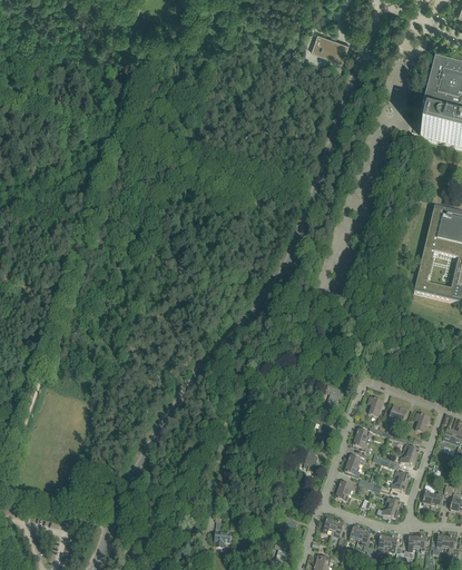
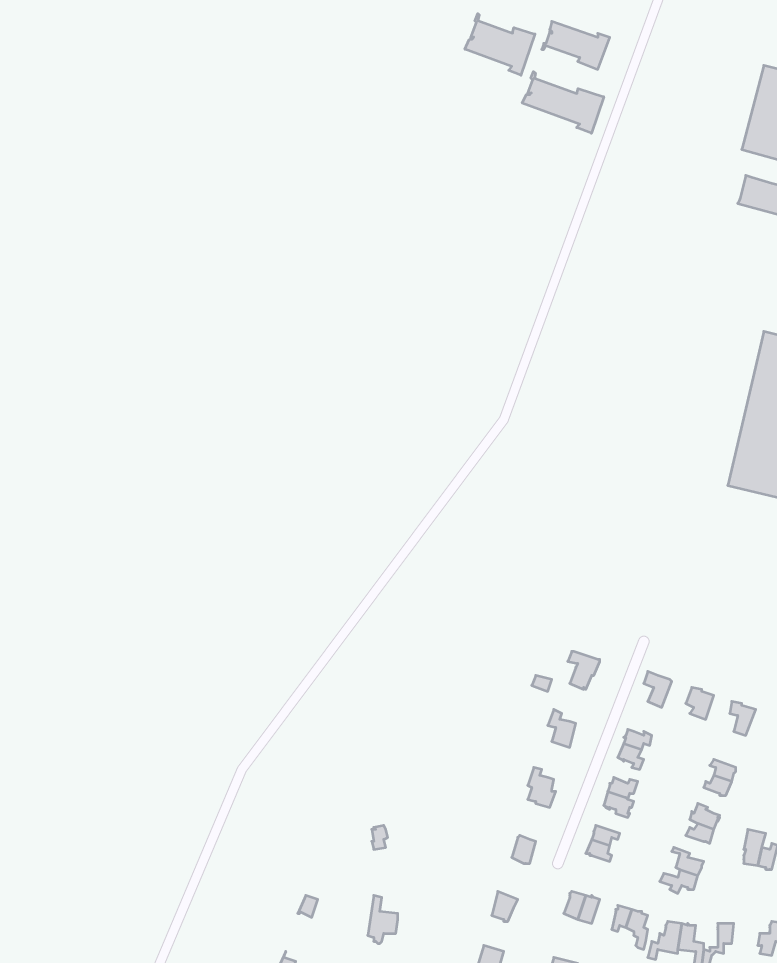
building: none -> [465,14,535,75]
building: none -> [522,72,604,133]

